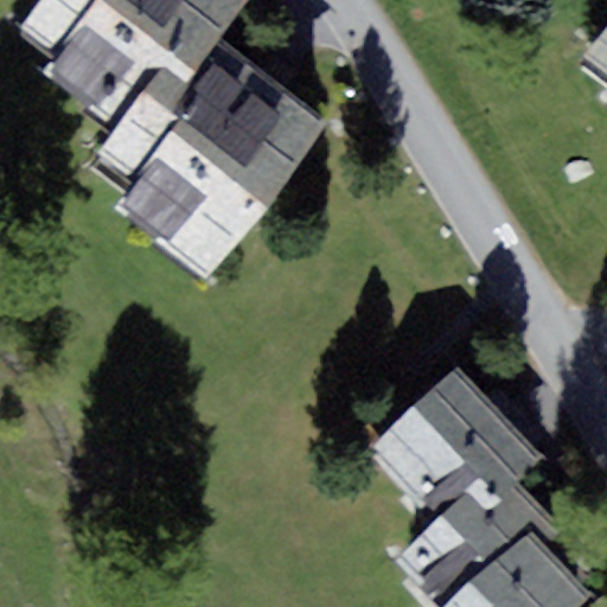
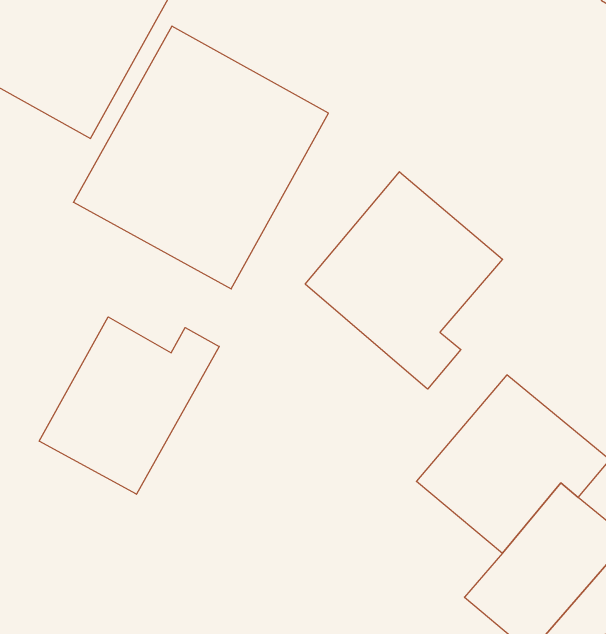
building: none -> [305,172,503,389]
building: none -> [39,317,219,494]

